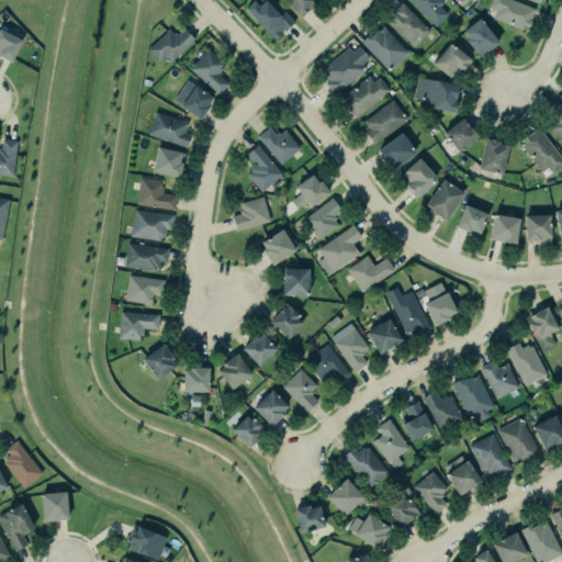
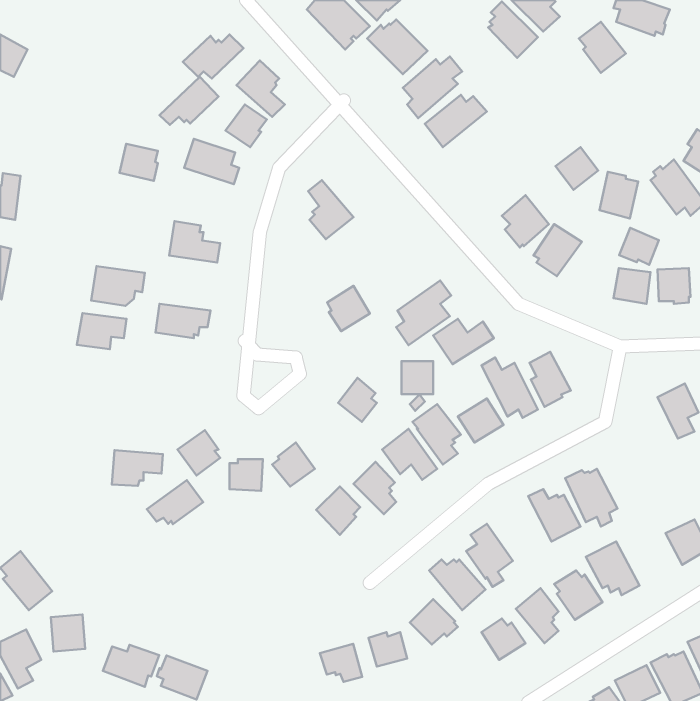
building: [361,27,409,71] -> [367,19,428,74]
building: [435,43,473,79] -> none
building: none -> [160,77,219,125]
building: [416,78,460,113] -> none
building: [364,100,408,144] -> none
building: [260,128,302,165] -> none
building: [380,134,418,170] -> none
building: [154,148,184,178] -> [119,144,158,181]
building: [297,176,331,207] -> none
building: [234,196,272,232] -> none
building: [305,198,342,240] -> none
building: [458,205,490,235] -> [619,228,659,265]
building: [132,210,175,241] -> [91,266,145,306]
building: [285,269,311,295] -> [402,361,433,394]
building: [126,276,166,304] -> [77,313,126,349]
building: [120,312,160,340] -> [112,450,163,486]
building: [245,334,279,367] -> none
building: [507,342,548,386] -> none
building: [482,361,520,398] -> none
building: none -> [147,480,203,524]
building: [403,401,434,441] -> none
building: [234,416,266,448] -> none
building: [497,418,541,463] -> none
building: [350,514,391,551] -> none
building: none -> [320,644,362,682]
building: none -> [103,645,159,687]

